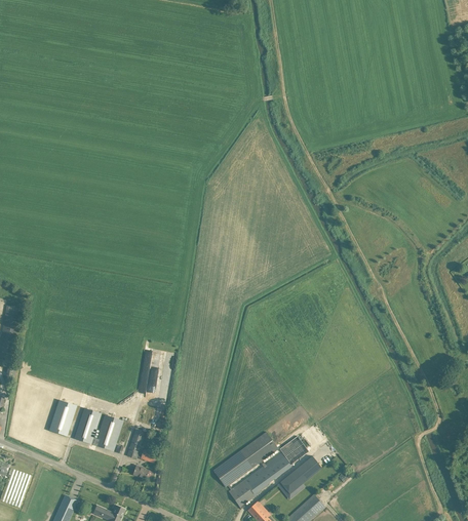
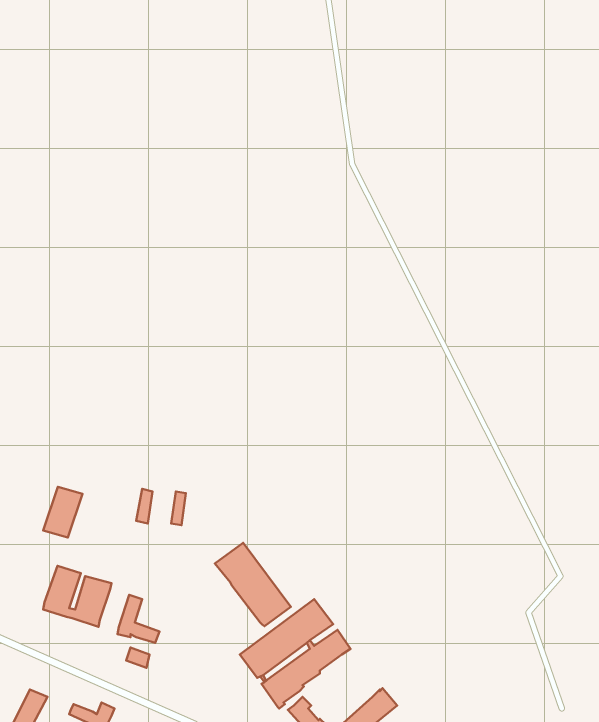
building: none -> [215,543,291,626]
building: [48,400,76,436] -> [43,487,83,538]
building: [279,436,308,465] -> none
building: [279,456,321,494] -> none

